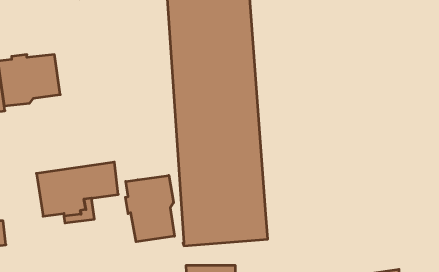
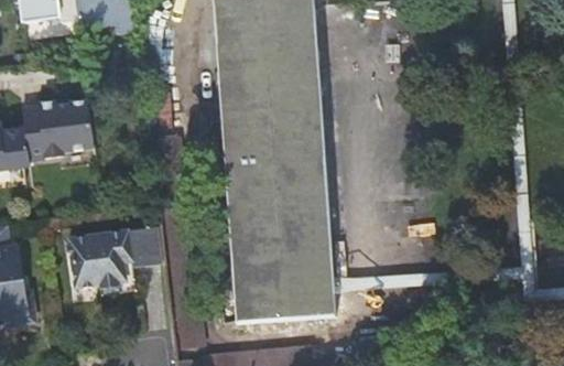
building: [125,175,174,242] -> none

